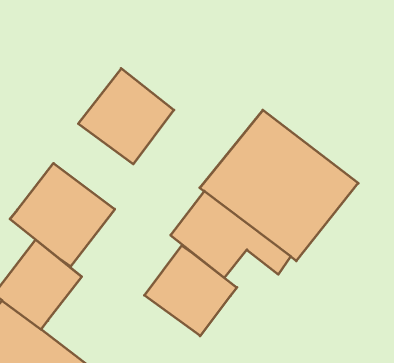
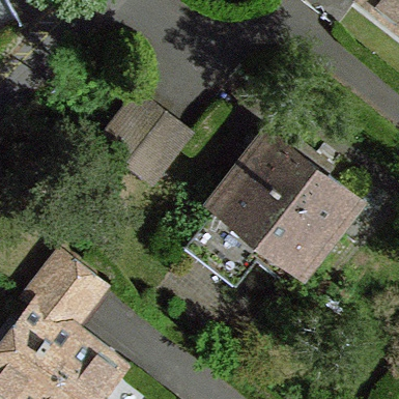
building: [10,163,115,266] -> none
building: [144,246,237,336] -> none

